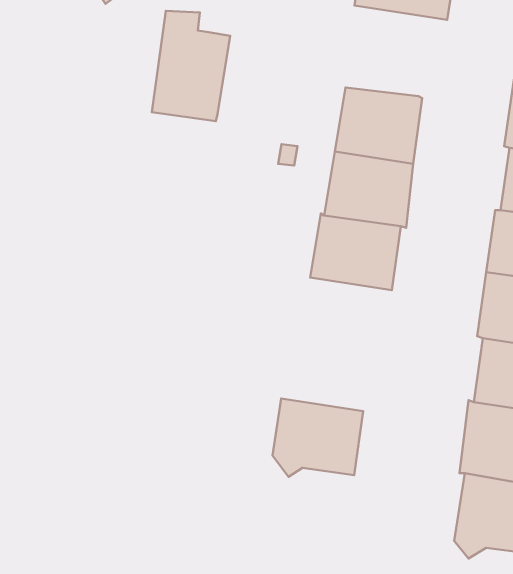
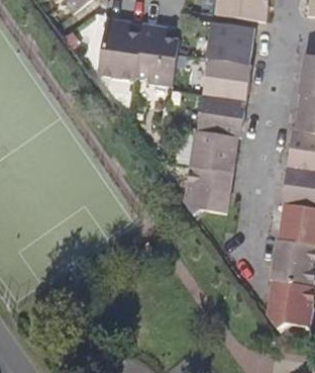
building: none -> [135,24,179,88]
building: none -> [205,25,254,68]
building: [272,399,363,477] -> [183,171,234,215]

